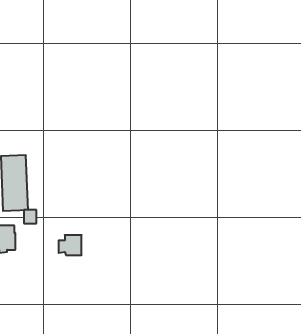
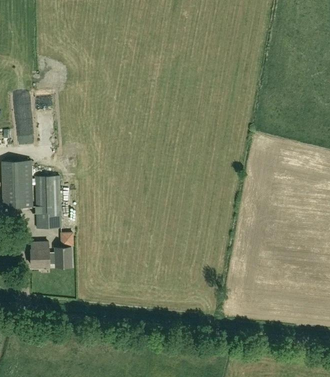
building: [59,235,82,255] -> [49,248,71,267]

